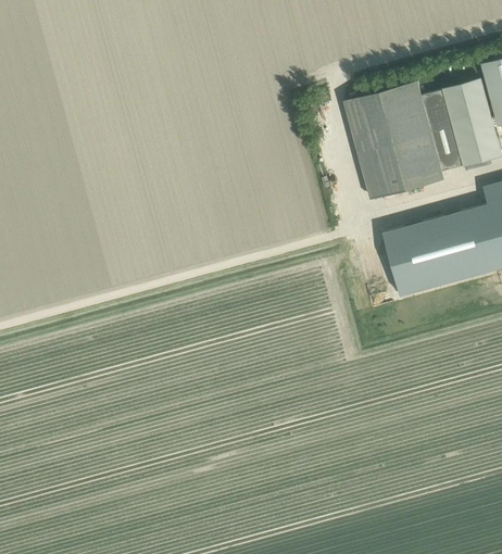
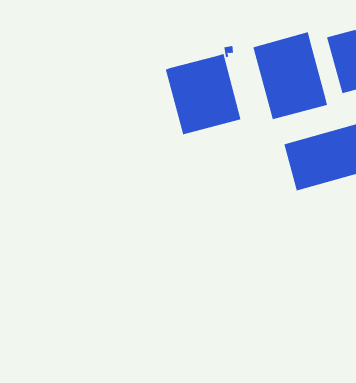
building: [421,89,462,171] -> none
building: none -> [165,53,241,135]

